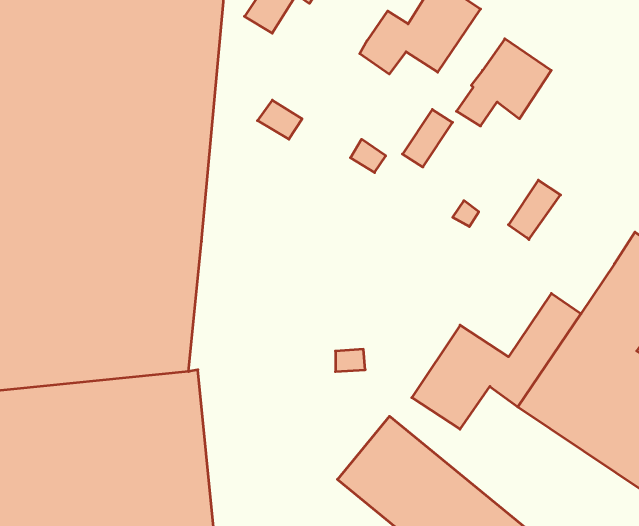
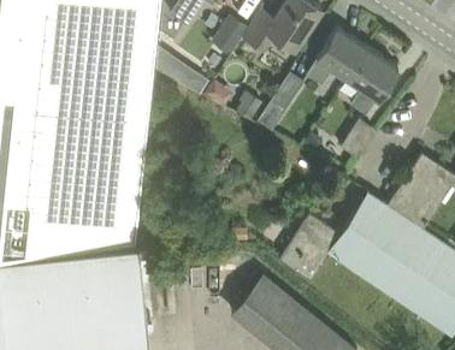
building: none -> [211,14,248,54]
building: none -> [347,48,397,114]

